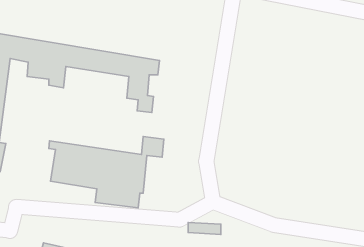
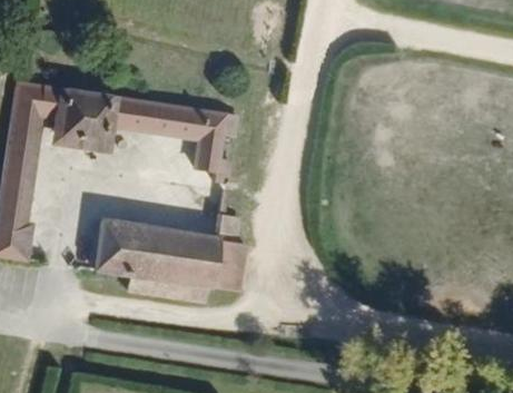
building: none -> [214,239,246,291]

